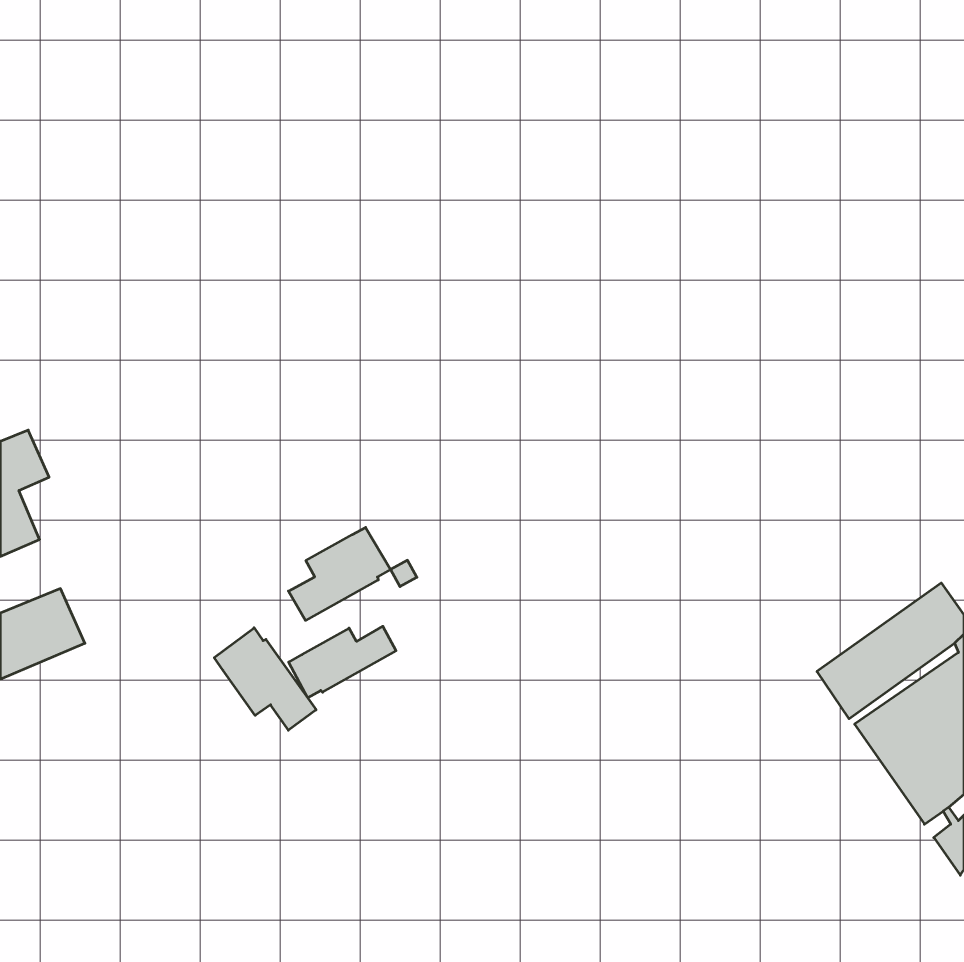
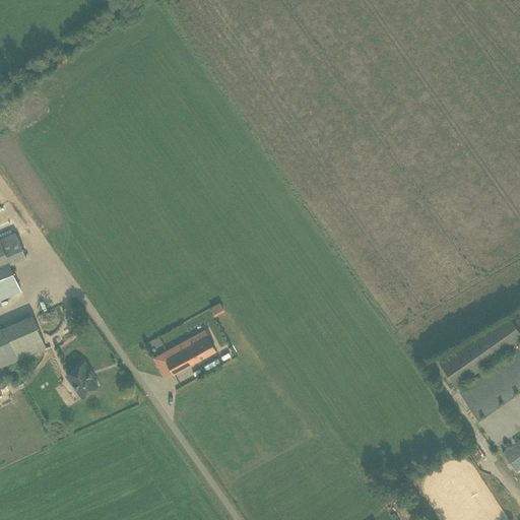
building: [288,527,391,620] -> none
building: [214,628,316,730] -> none
building: none -> [66,363,98,397]

